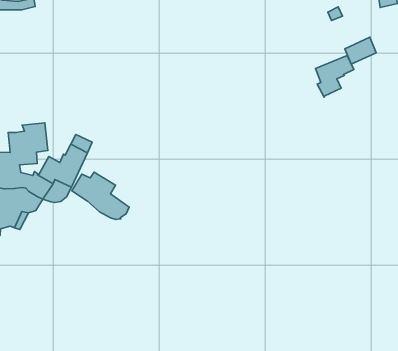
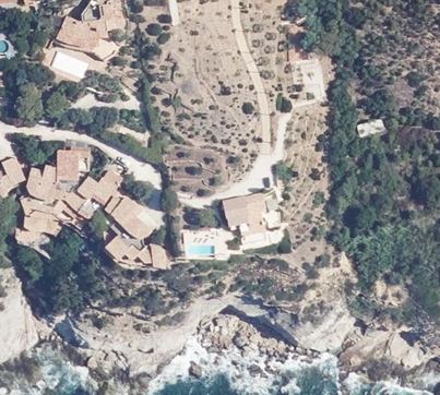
building: [316,56,354,97] -> none
building: none -> [224,194,265,227]
building: none -> [105,220,165,272]

